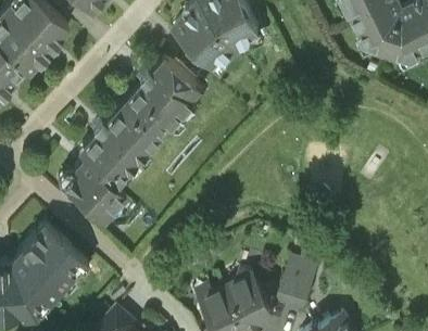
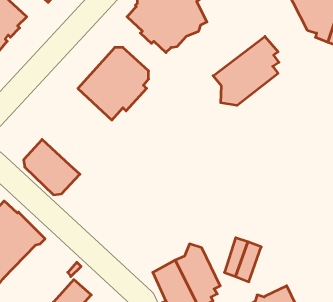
building: none -> [213,36,279,105]
building: [81,103,158,184] -> none

